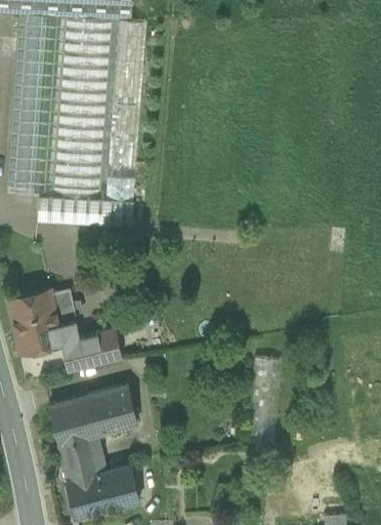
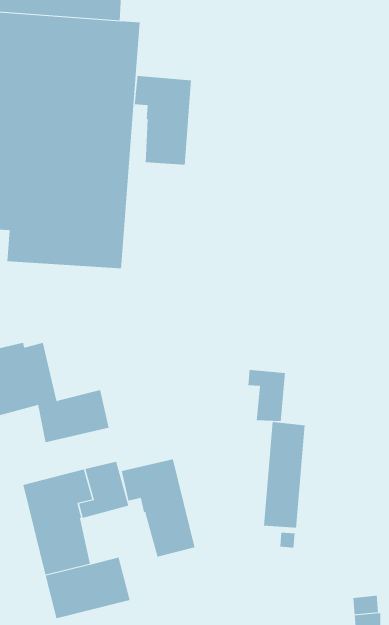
building: none -> [134,75,191,166]
building: none -> [248,369,286,422]
building: none -> [121,459,195,558]

